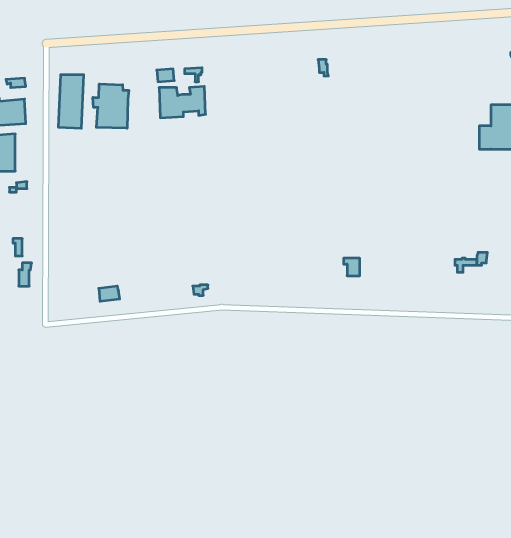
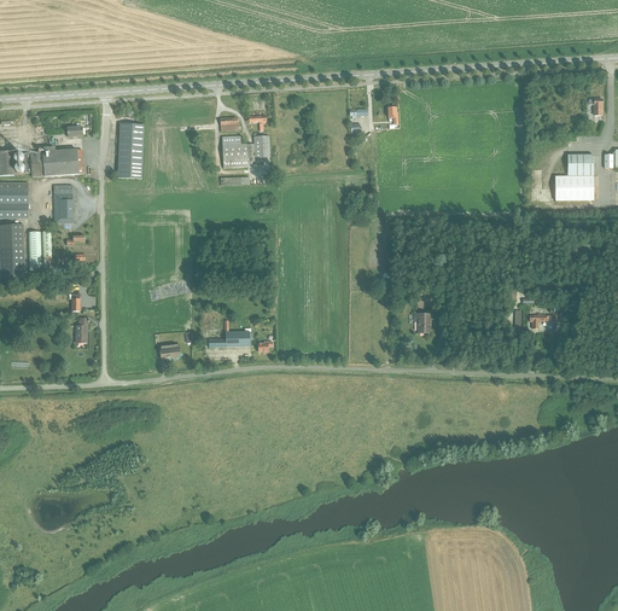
building: [93,84,129,128] -> none
building: none -> [208,320,249,348]

